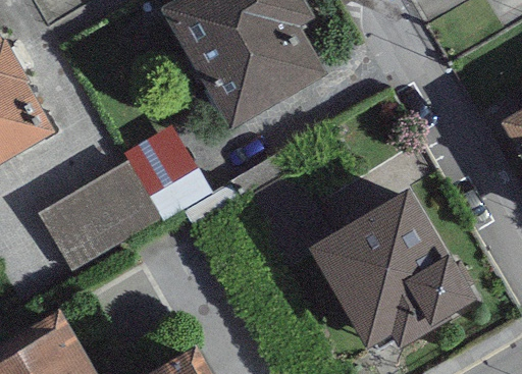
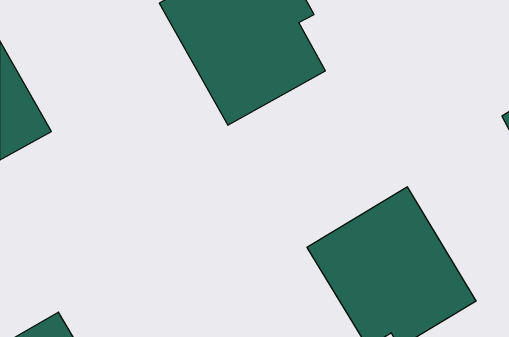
building: [39,142,215,267] -> none

